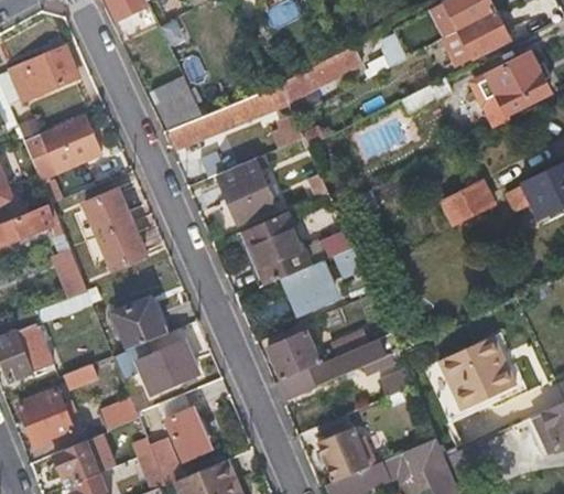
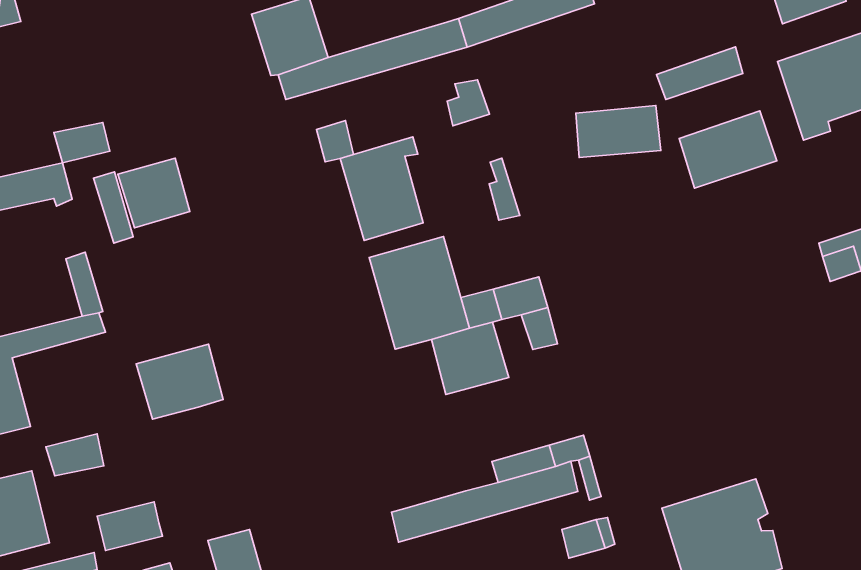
building: [22,114,100,175] -> none
building: [441,178,501,229] -> [679,111,777,188]
building: [99,221,145,268] -> none
building: [270,330,319,382] -> none
building: [113,337,198,390] -> none

